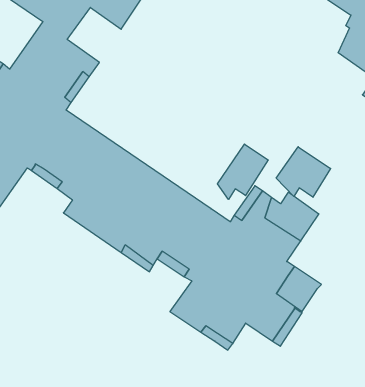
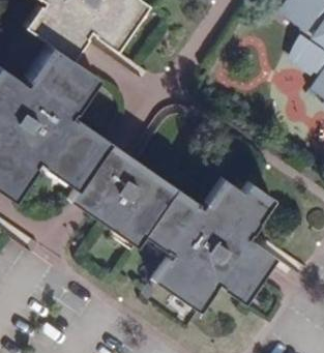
building: [217,144,268,199] -> none
building: [276,147,331,197] -> none

